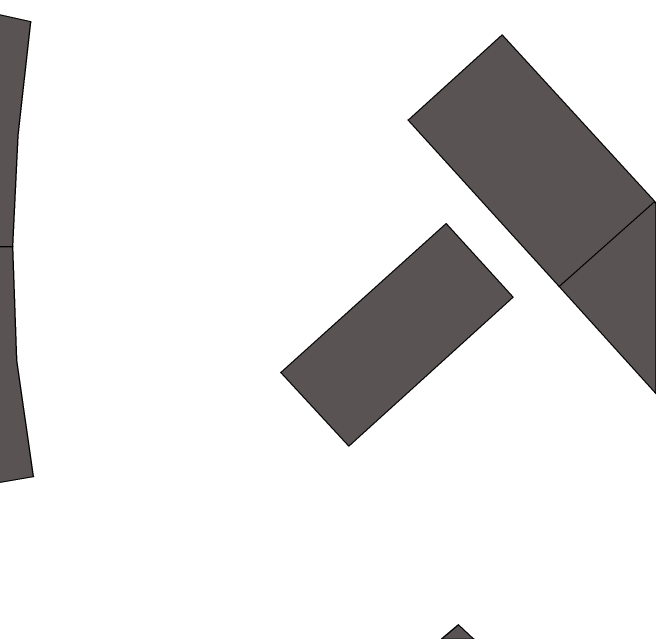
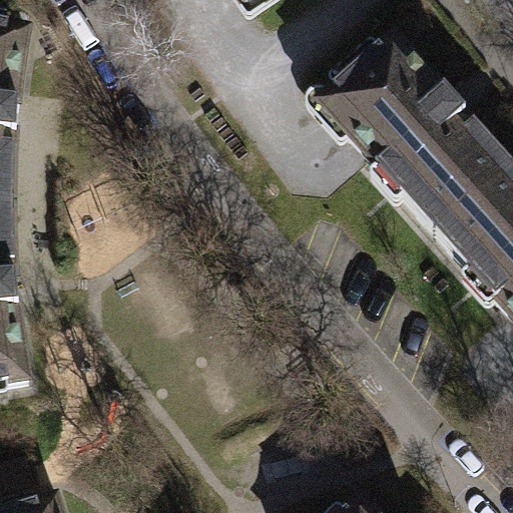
building: [281,224,513,446] -> none

